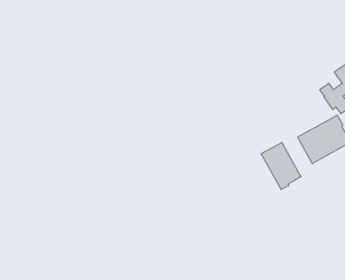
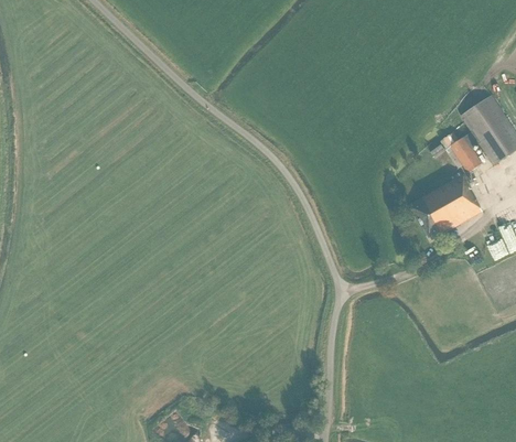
building: [261,142,301,190] -> none

